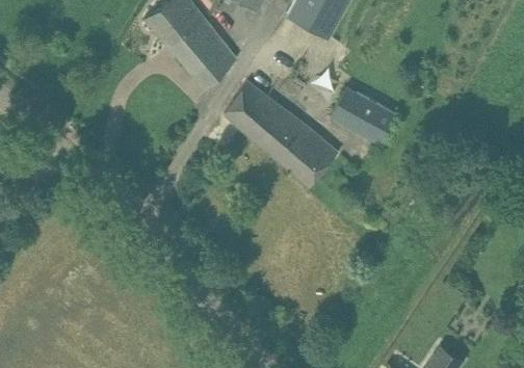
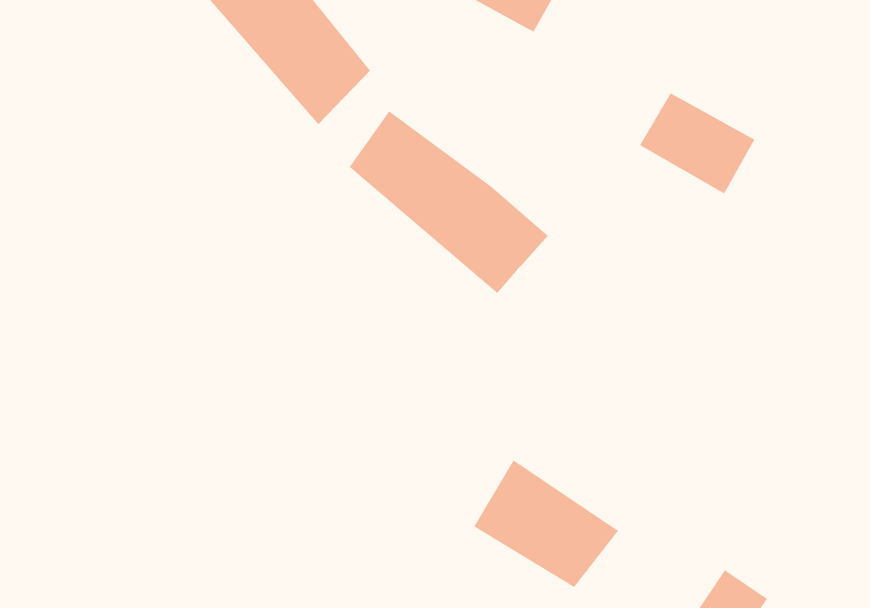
building: [330,87,396,146] -> [639,92,755,194]
building: none -> [474,459,619,588]

